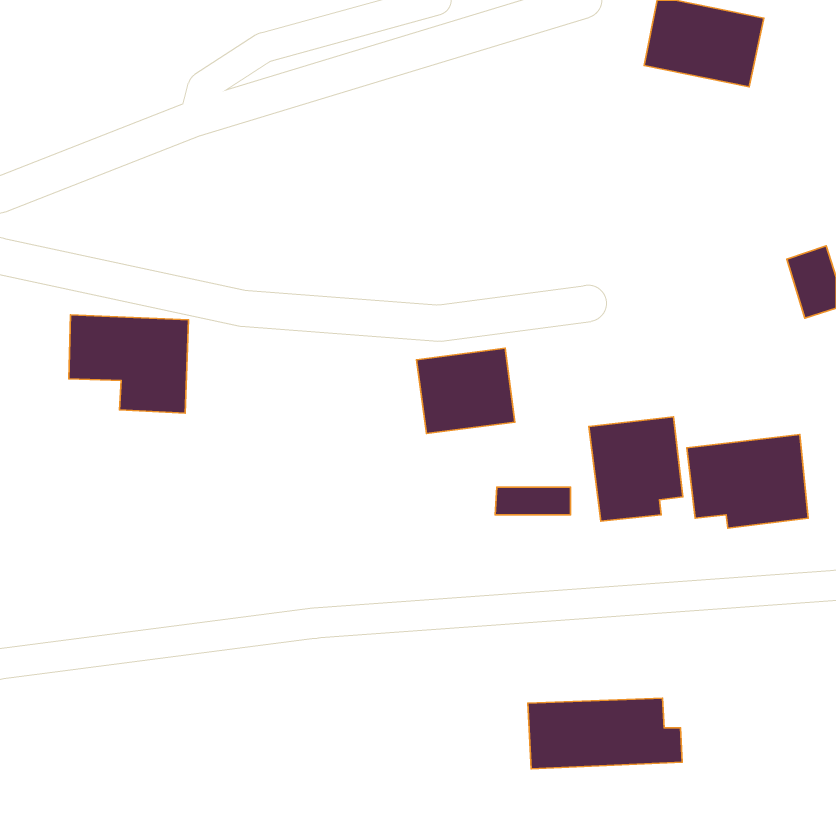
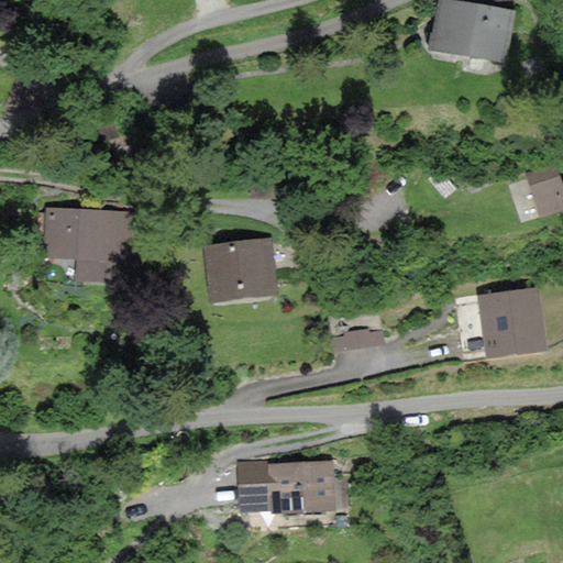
building: [417,348,515,434] -> [207,240,273,297]
building: [589,417,683,521] -> none
building: [528,698,682,769] -> [239,463,342,510]

